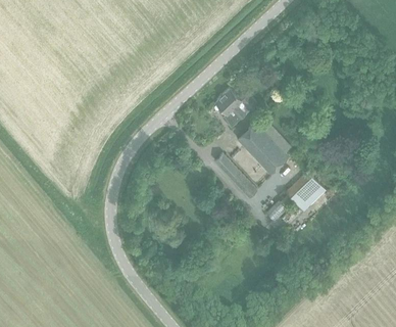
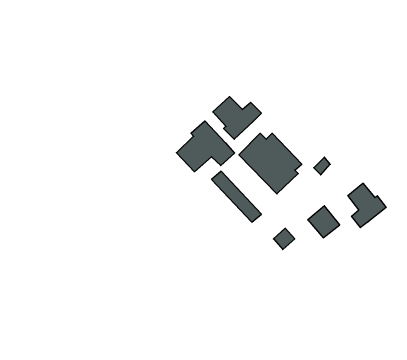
building: none -> [176,121,235,172]
building: none -> [348,183,386,228]

